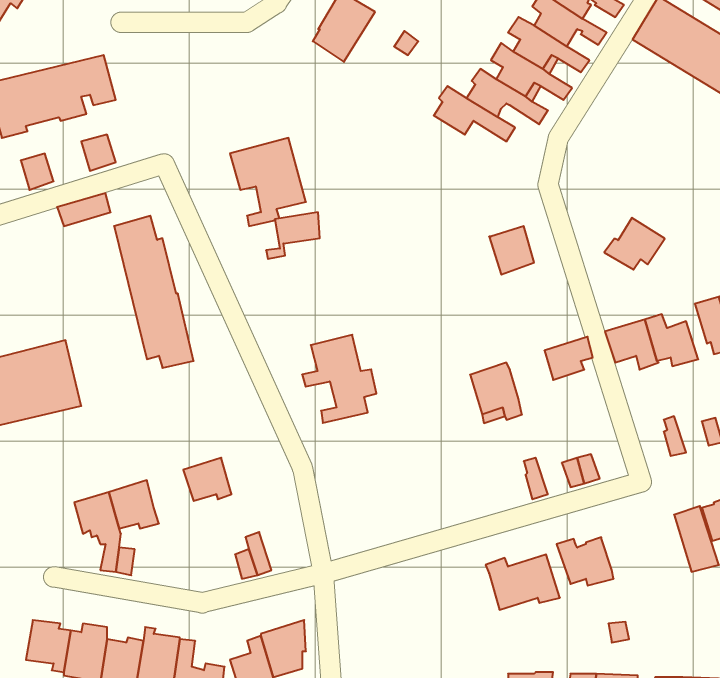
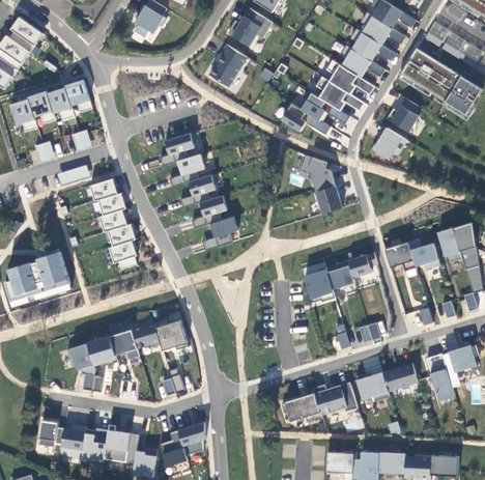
building: none -> [387,96,420,131]
building: none -> [301,154,336,191]
building: [604,218,665,270] -> [371,126,407,158]
building: [302,335,376,423] -> [192,195,236,248]
building: none -> [327,259,355,288]
building: none -> [154,319,189,351]
building: none -> [110,331,139,359]
building: none -> [382,362,419,391]
building: none -> [281,393,322,422]

